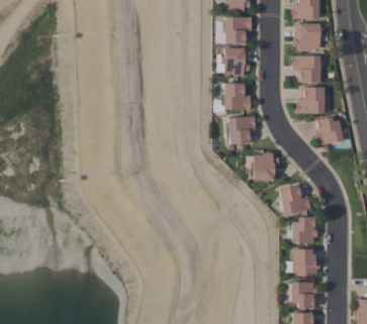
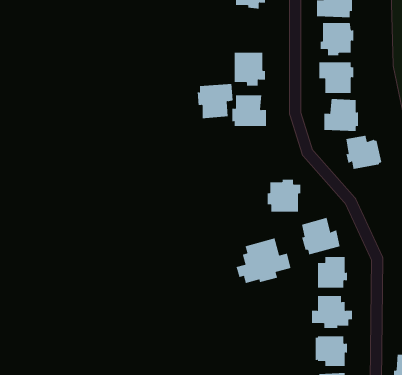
building: [224,16,252,43] -> none
building: [225,115,256,144] -> [197,83,234,119]
building: none -> [236,238,291,284]

